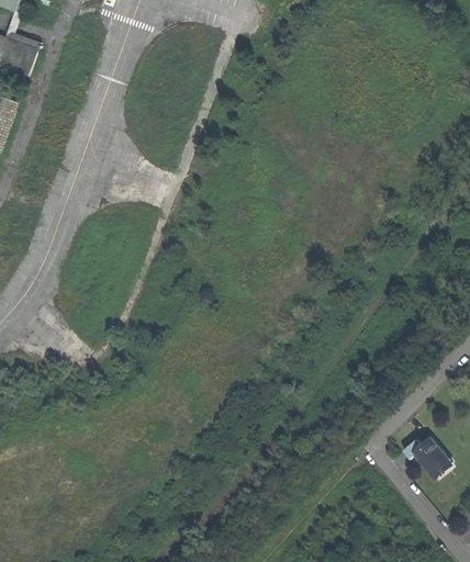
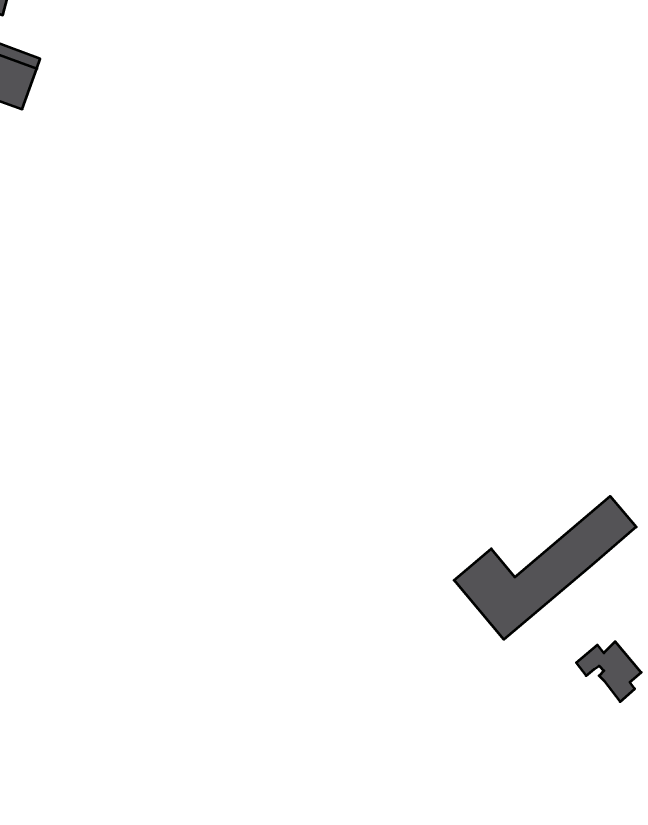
building: none -> [454,496,636,639]

